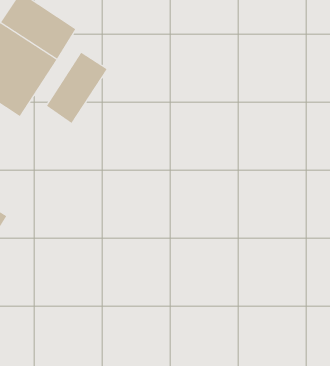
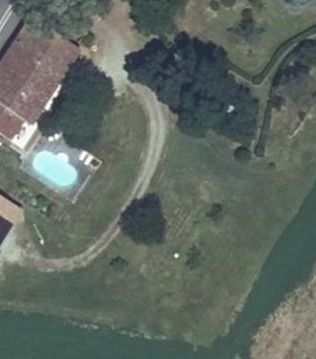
building: [46,52,107,124] -> none

